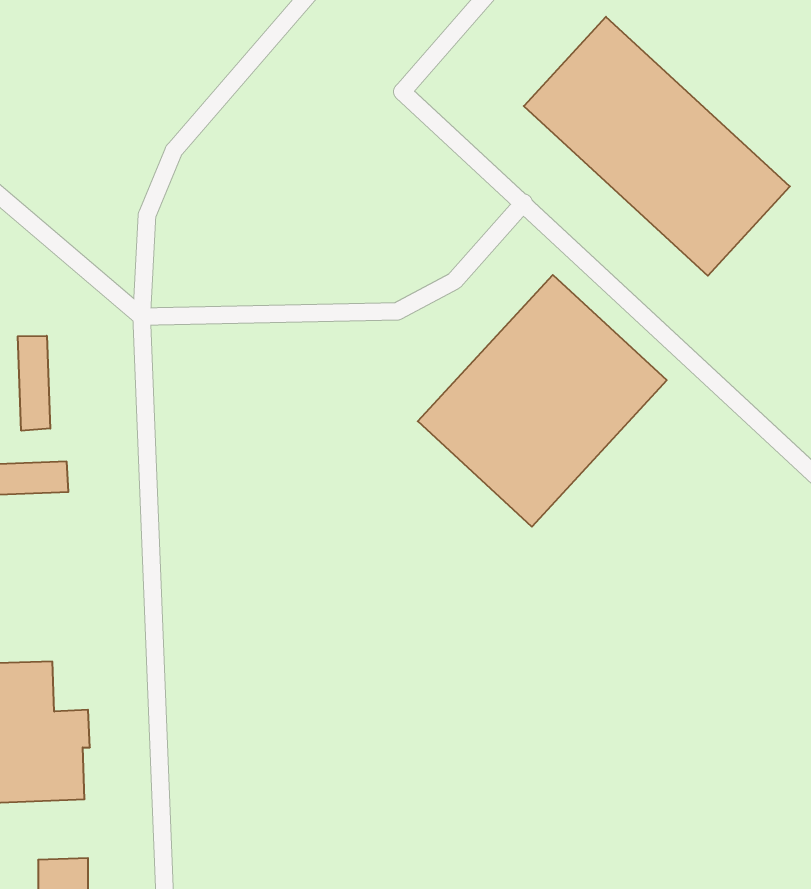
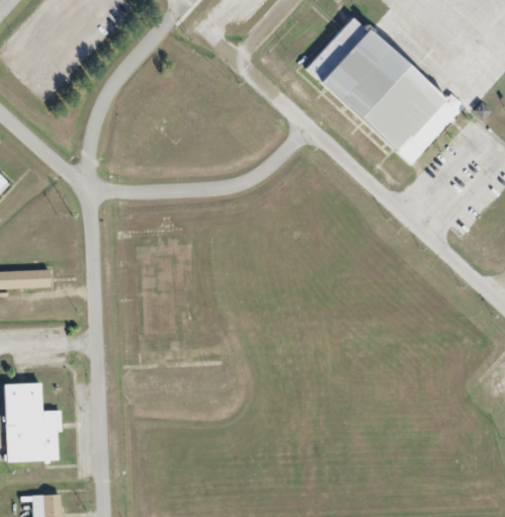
building: [418,275,667,527] -> none
building: [18,336,50,431] -> none

